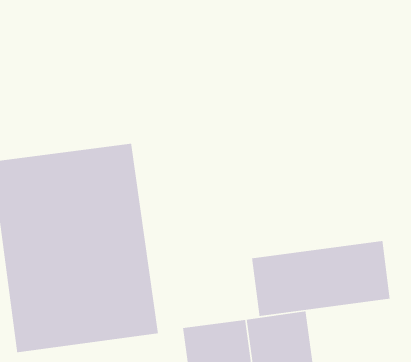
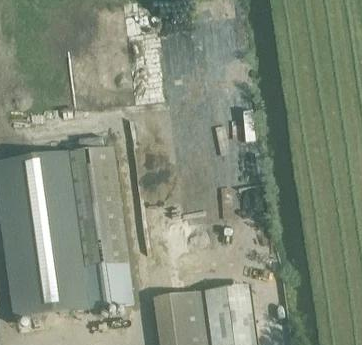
building: [251,240,391,317] -> none

